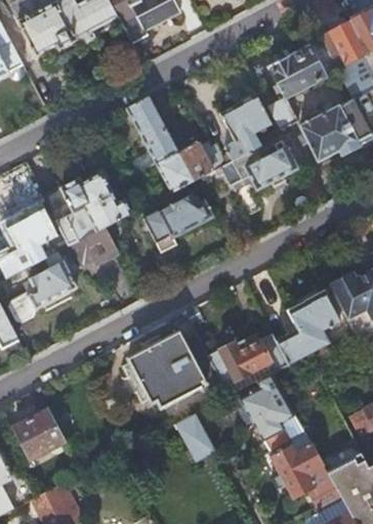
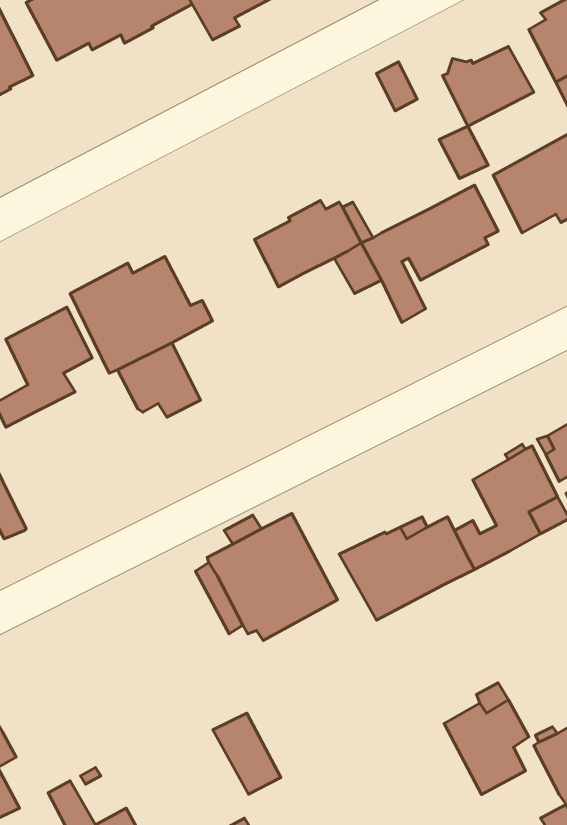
building: [220,93,273,161] -> none
building: [126,97,178,179] -> none
building: [144,185,213,252] -> none
building: [8,252,76,322] -> none
building: [241,385,294,441] -> none
building: [14,408,66,458] -> none
building: [175,413,216,463] -> [213,713,281,794]

